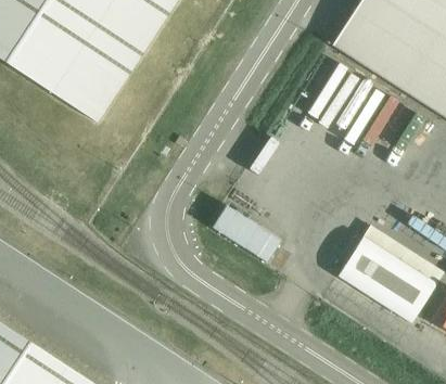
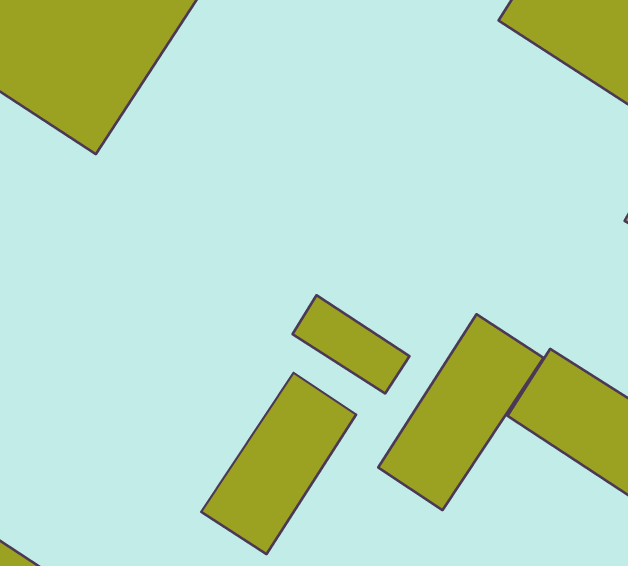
building: none -> [378,314,543,510]
building: none -> [201,373,356,554]

